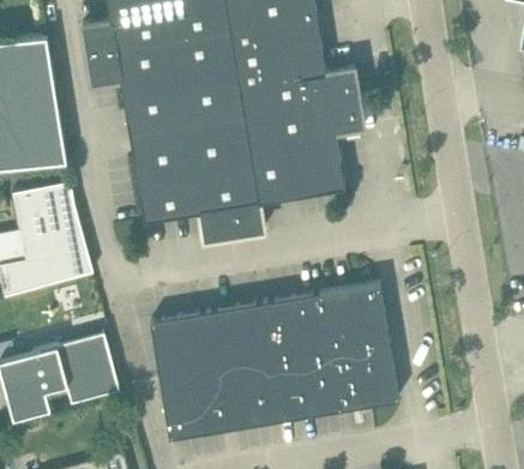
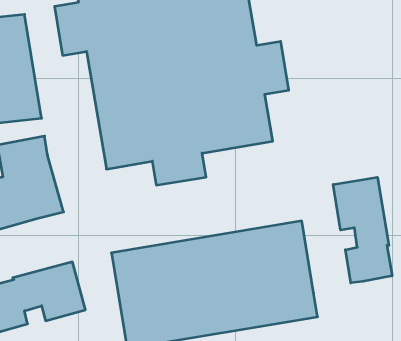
building: none -> [333,177,392,283]

